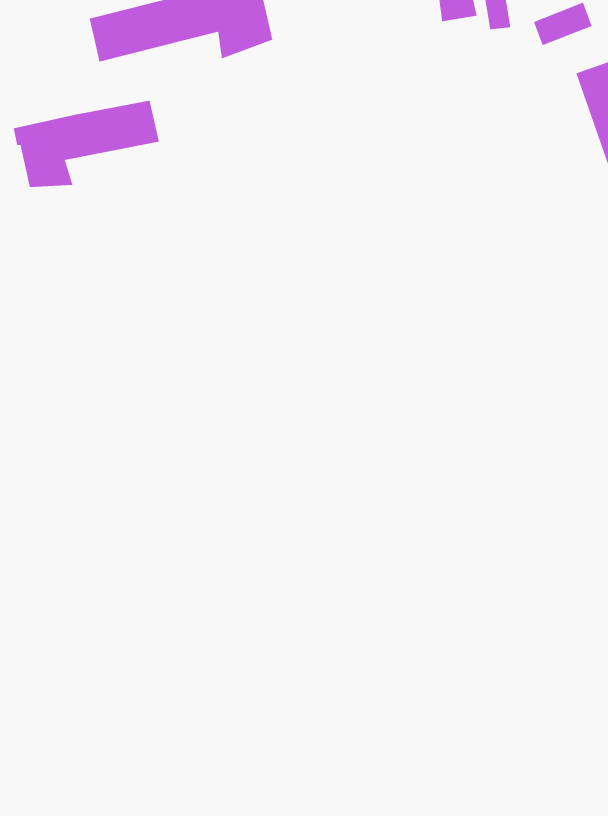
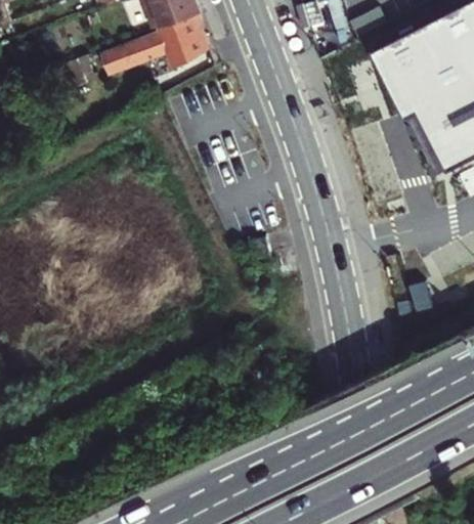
building: [13,100,159,188] -> none

